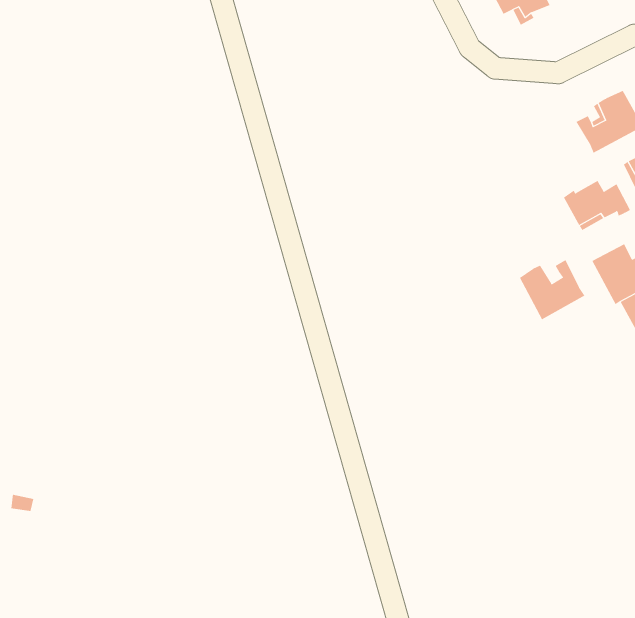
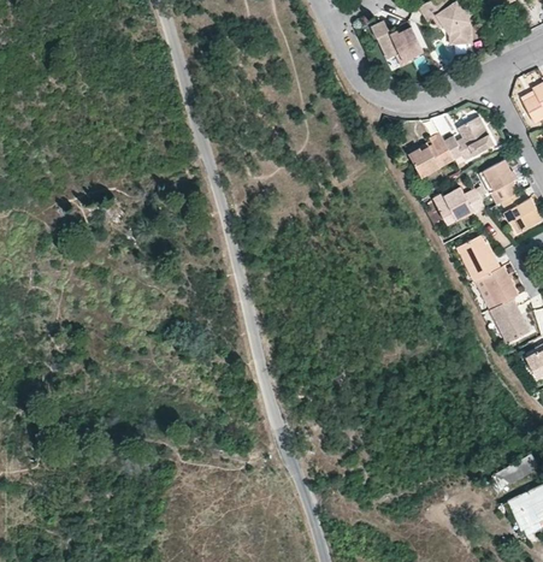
building: none -> [408,132,454,177]
building: [519,259,585,320] -> none

